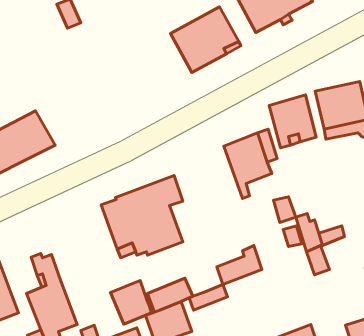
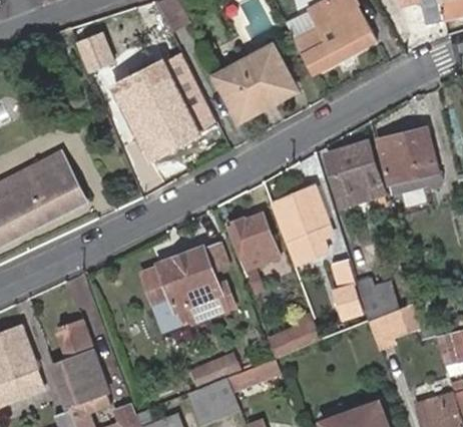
building: none -> [115,53,215,157]
building: none -> [227,215,273,268]
building: [111,280,152,324] -> none

